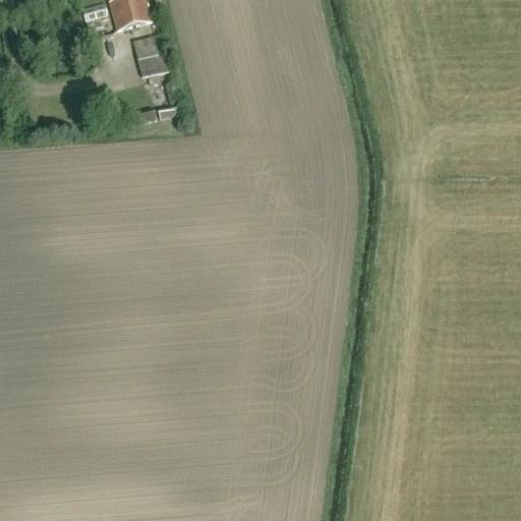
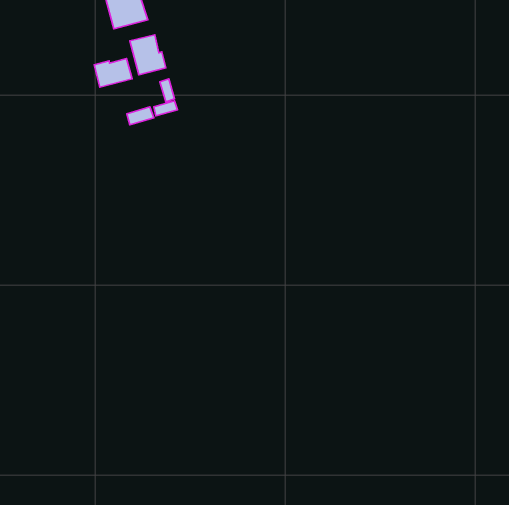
building: none -> [94,58,132,87]

